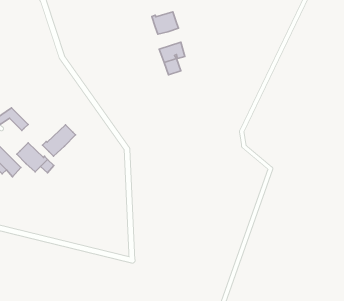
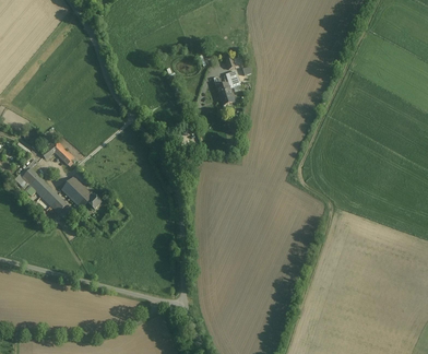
building: [152,12,178,34] -> none
building: [42,125,76,156] -> none

